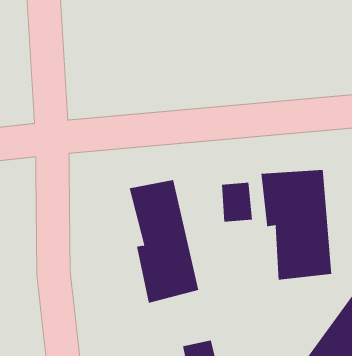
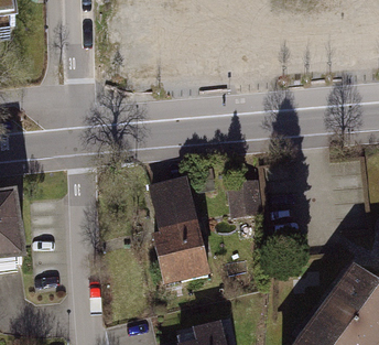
building: [261,169,332,281] -> none

